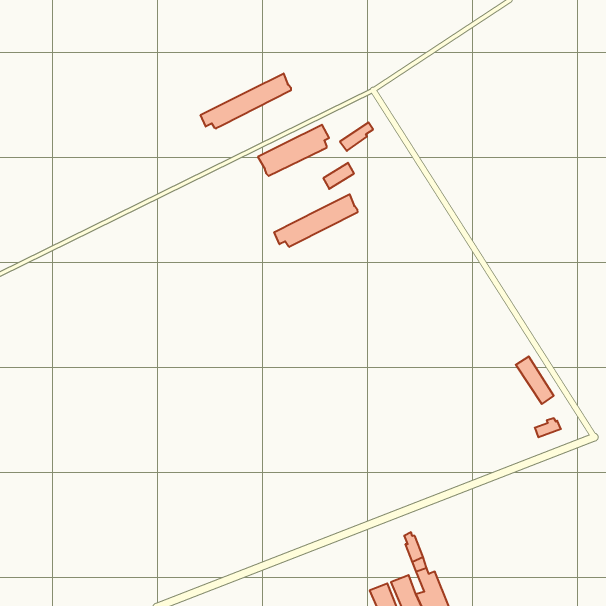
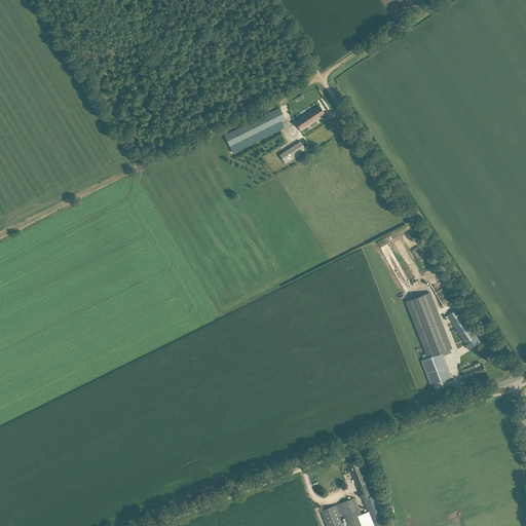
building: [201,73,291,129] -> none
building: [274,194,357,247] -> none
building: none -> [405,293,451,385]

